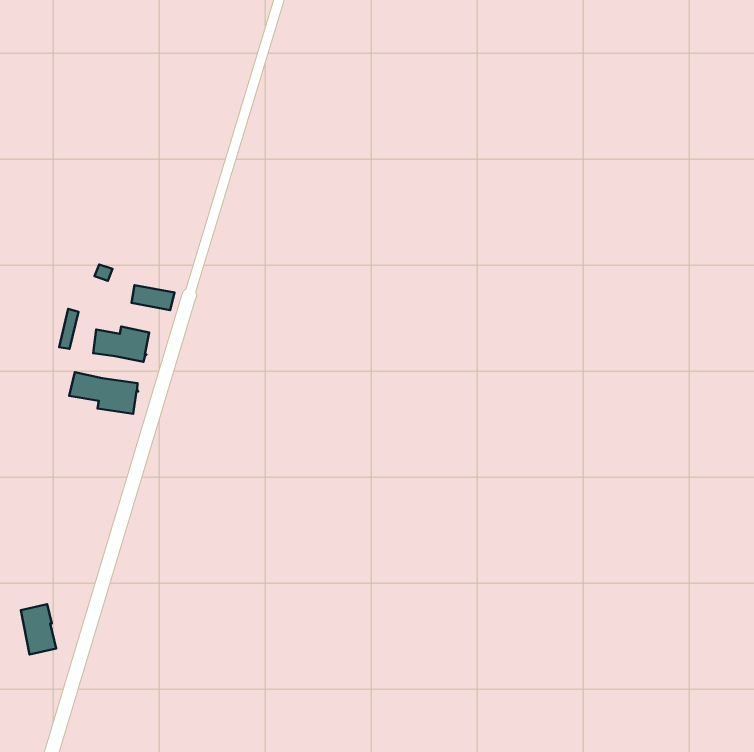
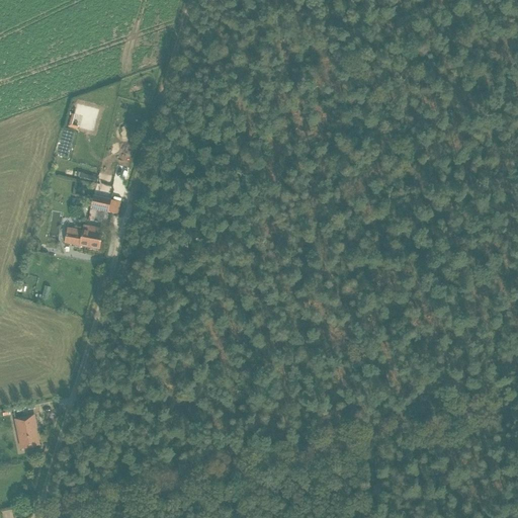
building: [69,372,138,414] -> none

